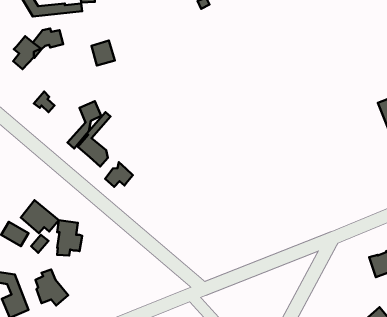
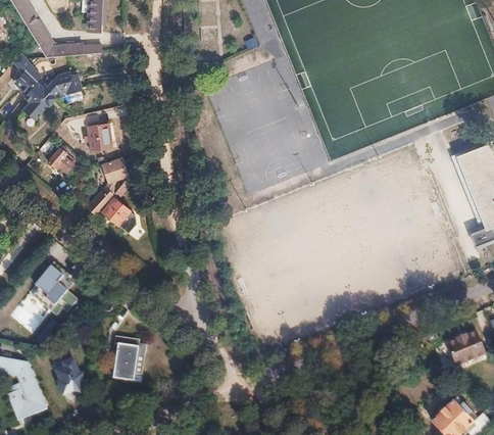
building: none -> [12,52,43,92]
building: [92,41,115,66] -> [89,122,116,151]
building: [105,162,133,187] -> none
building: [57,220,82,256] -> [113,334,143,376]

